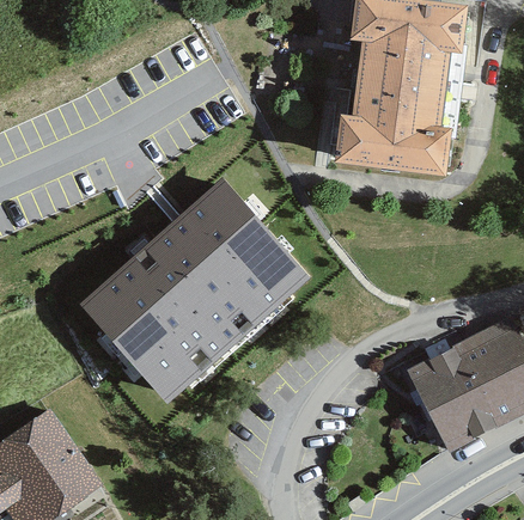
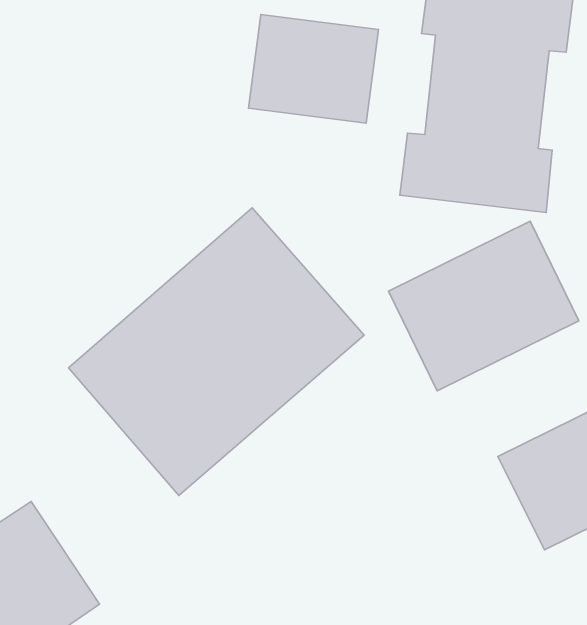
building: none -> [248,15,379,123]
building: none -> [389,221,579,391]

